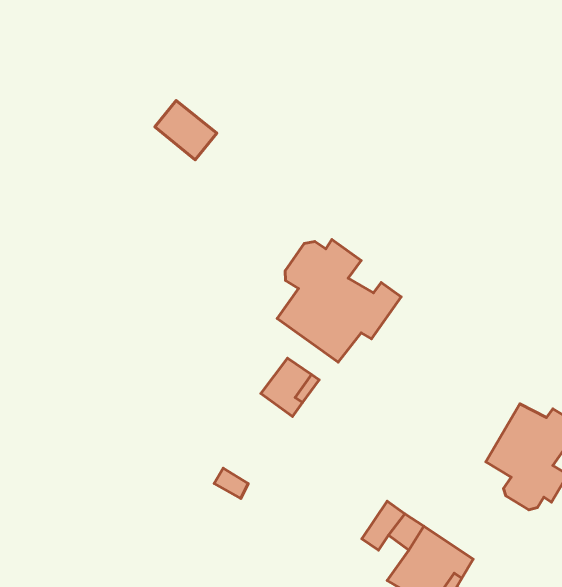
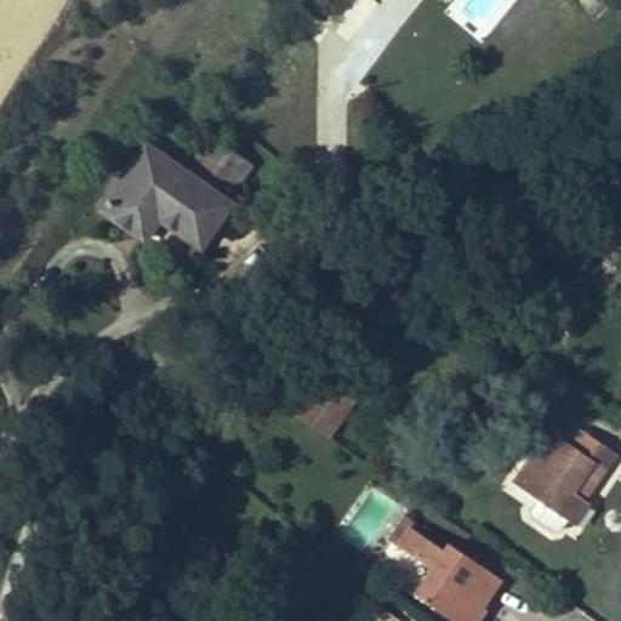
building: none -> [103,148,233,258]
building: [277,239,401,362] -> none

